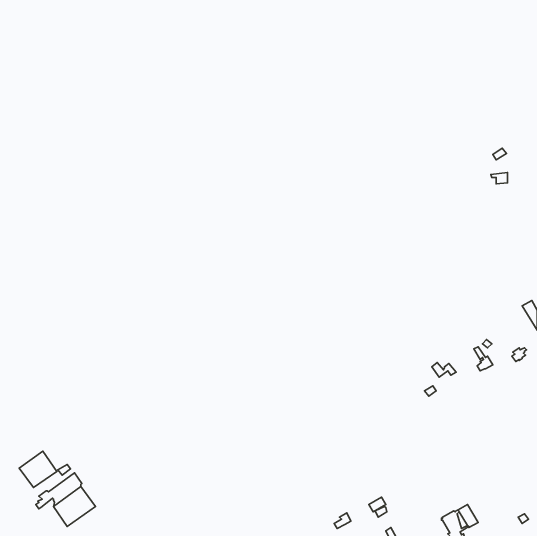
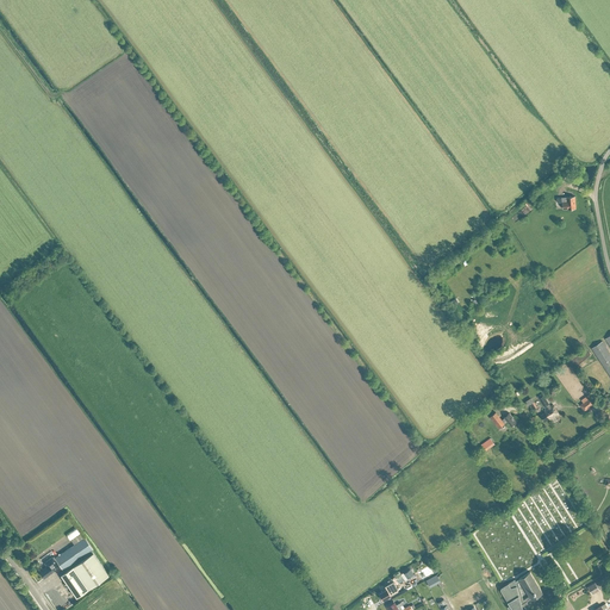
building: [19,451,57,488] -> none

